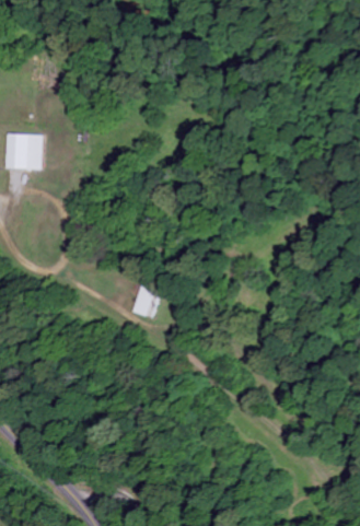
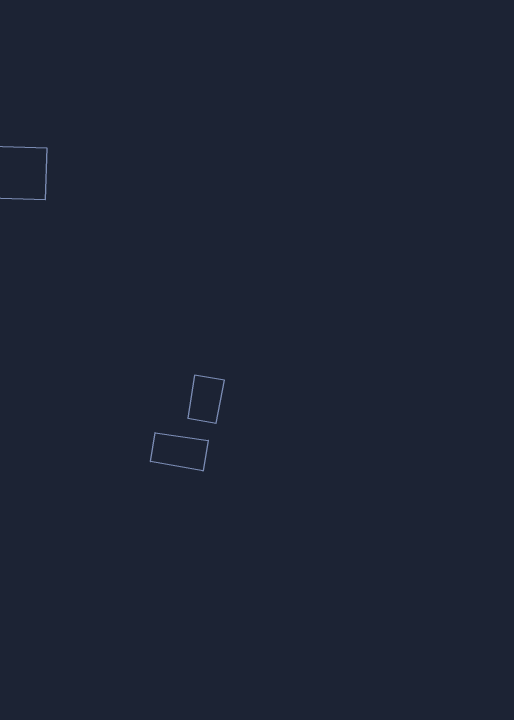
building: none -> [151,433,208,471]

